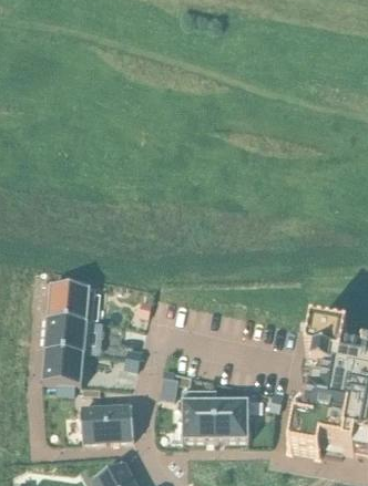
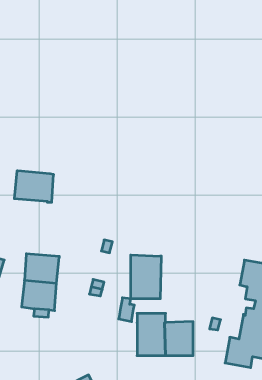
building: [48,282,95,320] -> [14,171,54,202]
building: none -> [131,255,161,299]
building: [81,405,134,441] -> none

